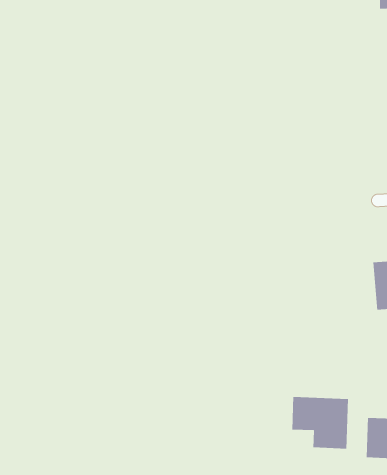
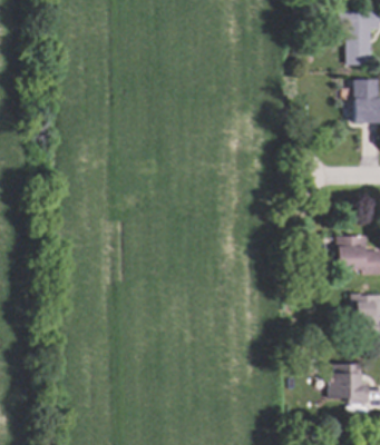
building: [292,396,349,449] -> none

